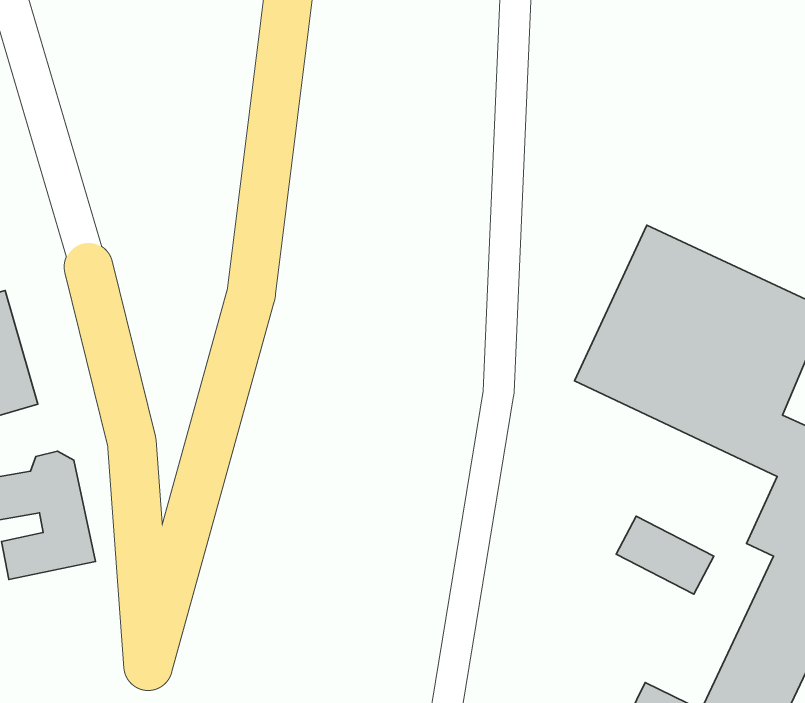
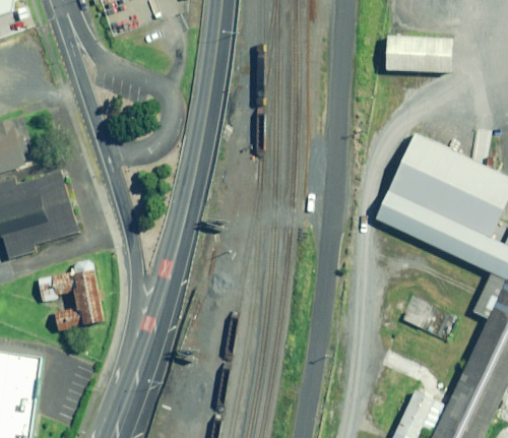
building: none -> [377,35,445,73]

